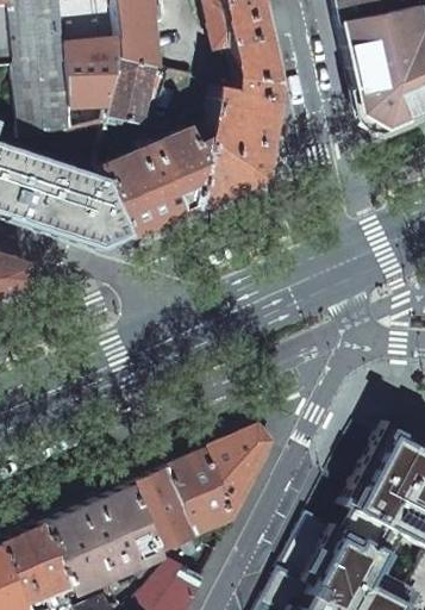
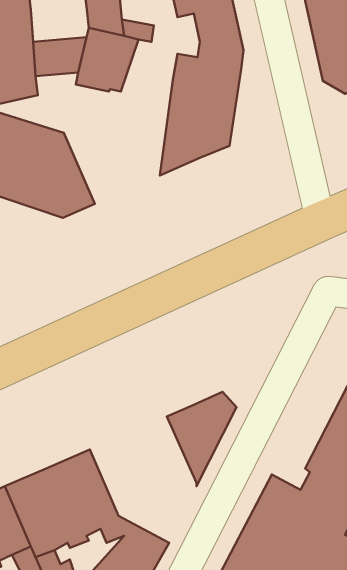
building: [68,38,126,74] -> none
building: [101,112,211,237] -> none
building: [127,452,235,552] -> none

